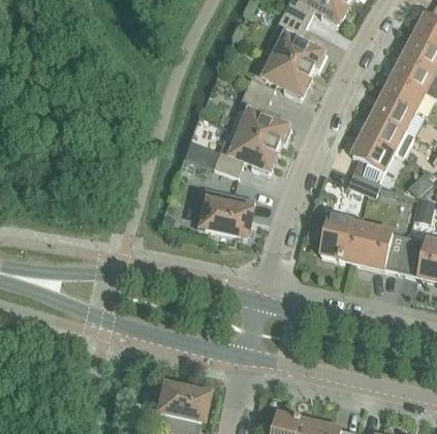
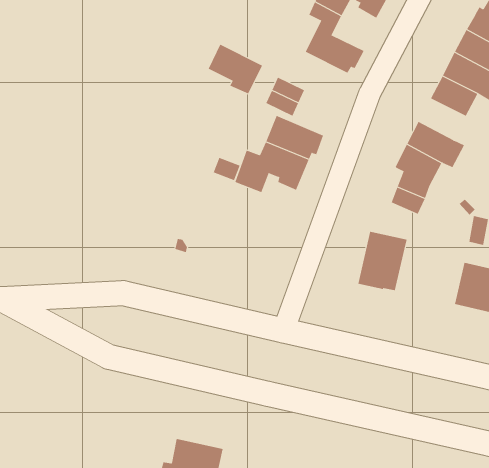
building: [263,53,311,96] -> [208,44,263,94]
building: [372,93,413,129] -> none
building: [196,187,253,236] -> none
building: [352,223,405,270] -> none

